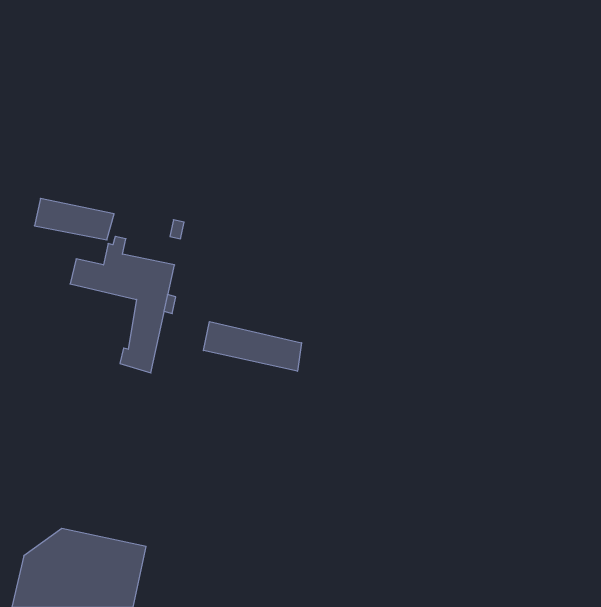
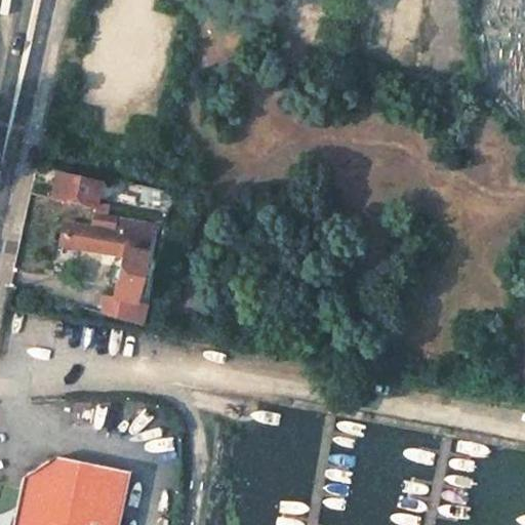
building: [203,322,302,371] -> none

